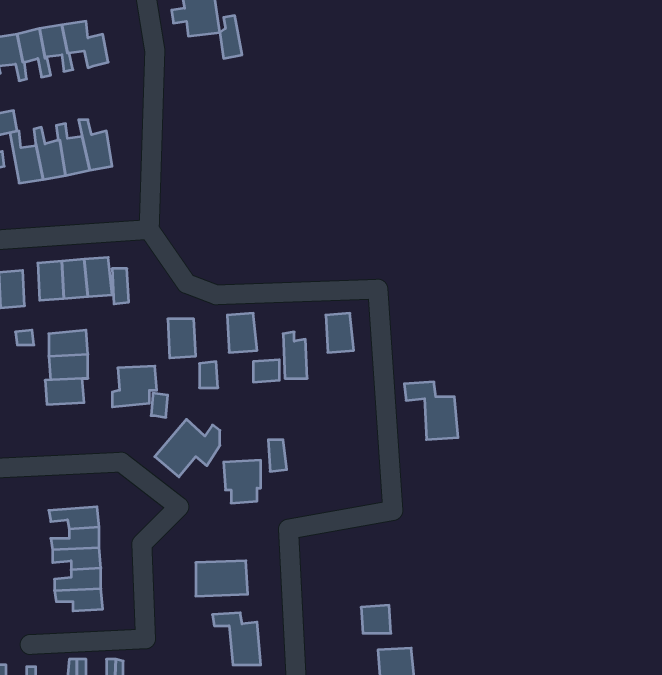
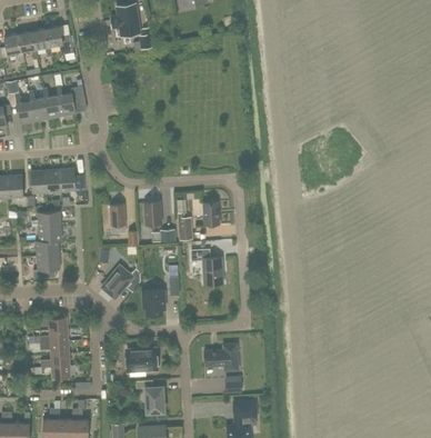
building: [112,366,157,407] -> [33,253,60,278]
building: [404,382,458,440] -> [191,248,223,282]
building: none -> [204,342,238,369]

